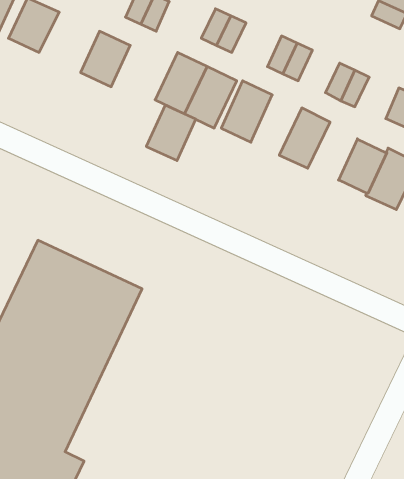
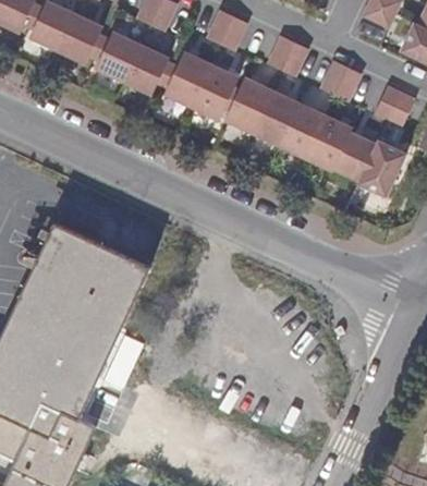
building: none -> [56,13,101,64]
building: none -> [251,89,297,145]
building: [146,105,196,161] -> [122,44,168,95]
building: none -> [303,114,351,170]

